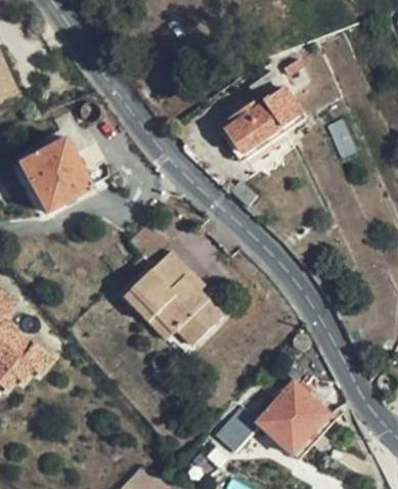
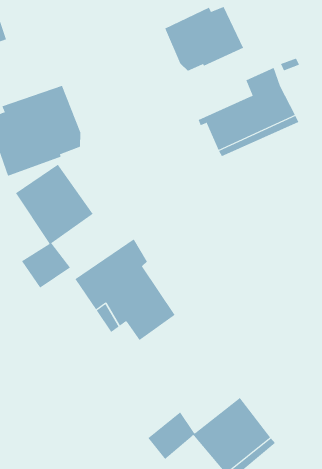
building: none -> [165,6,244,72]
building: none -> [15,164,93,289]

